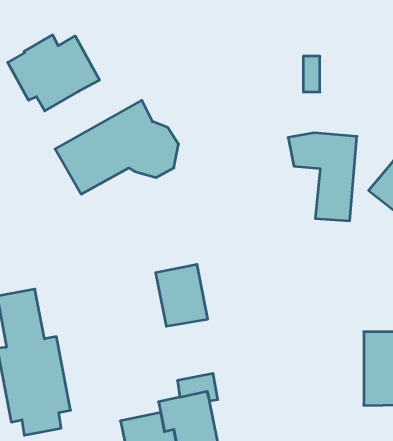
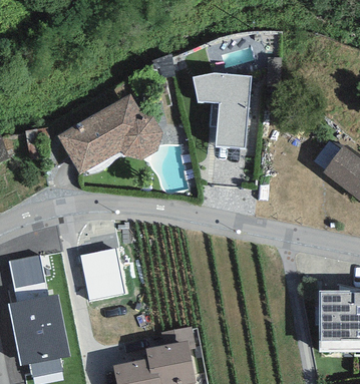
building: [8,35,99,111] -> none
building: [288,133,357,221] -> [192,73,250,147]
building: [156,264,208,326] -> [80,248,124,300]

